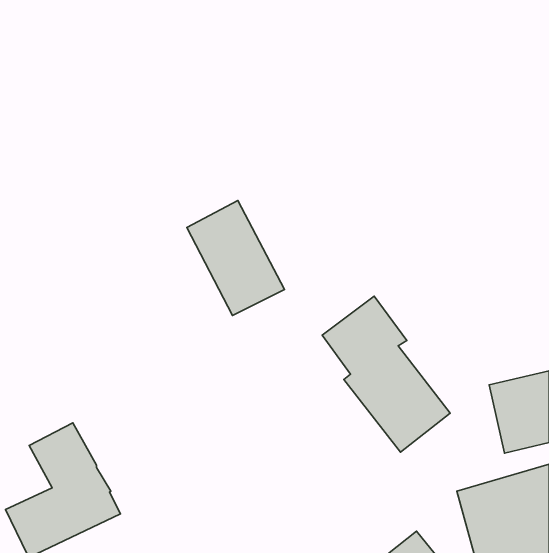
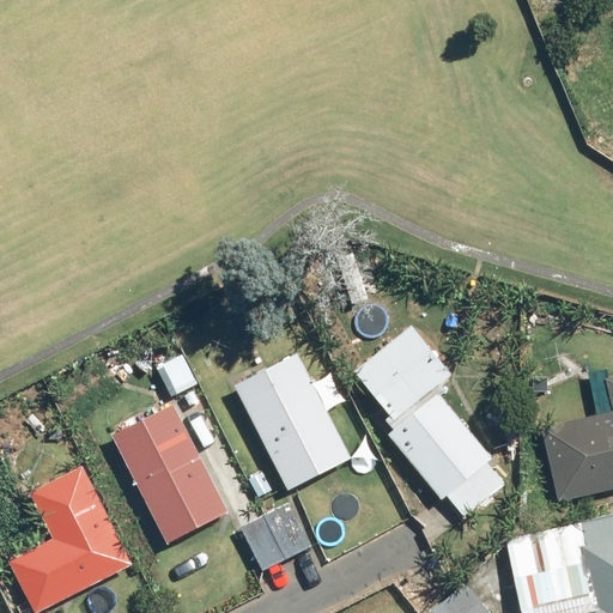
building: [187,200,285,315] -> [242,358,350,485]
building: none -> [111,405,227,542]
building: none -> [241,506,309,573]

